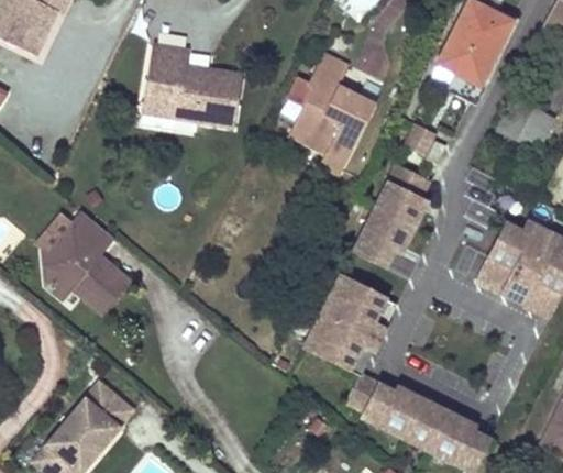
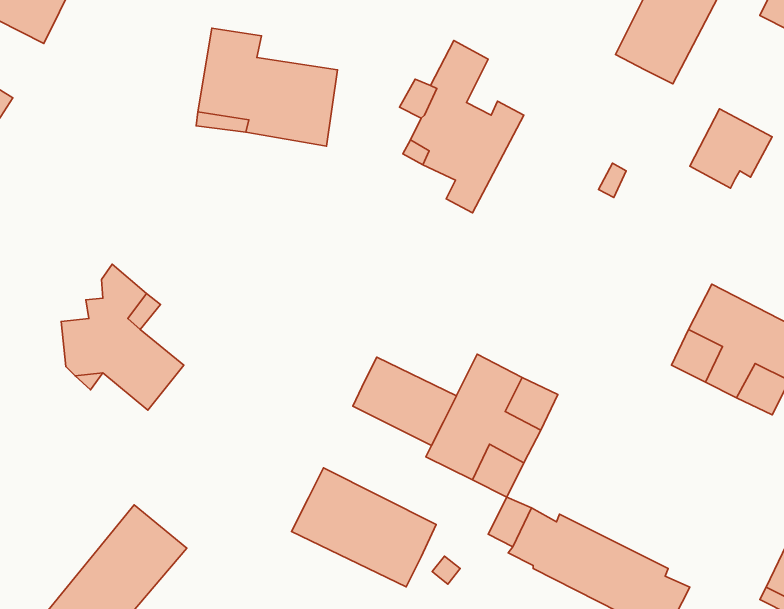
building: [354,163,429,265] -> none
building: none -> [353,357,456,445]
building: none -> [292,468,436,587]

